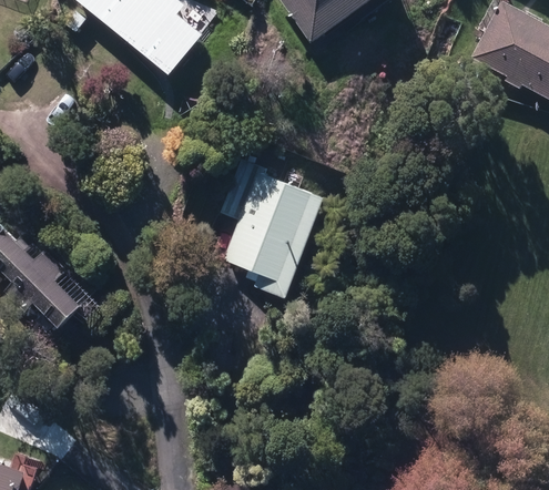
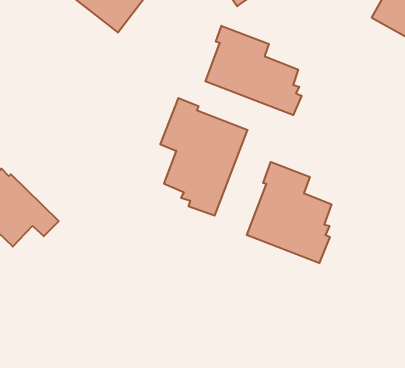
building: none -> [205,26,302,115]
building: none -> [247,162,331,263]

